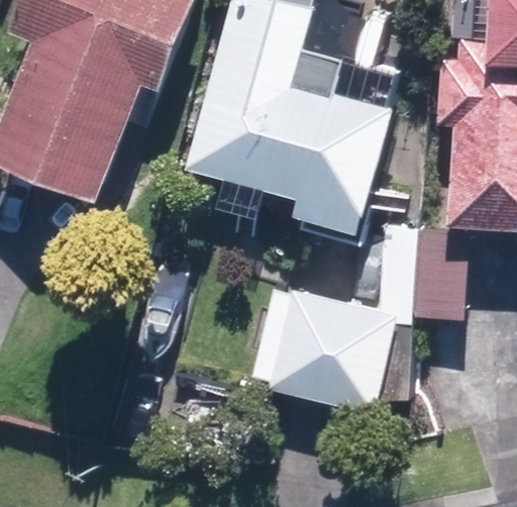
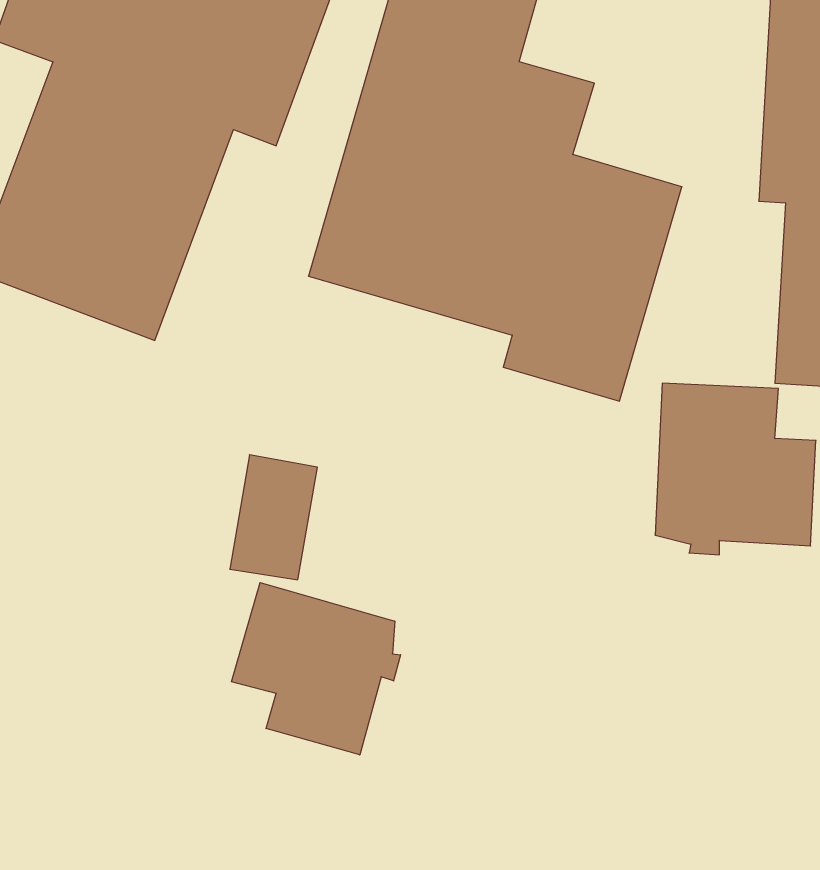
building: [251,282,400,413] -> none
building: none -> [232,583,401,755]

